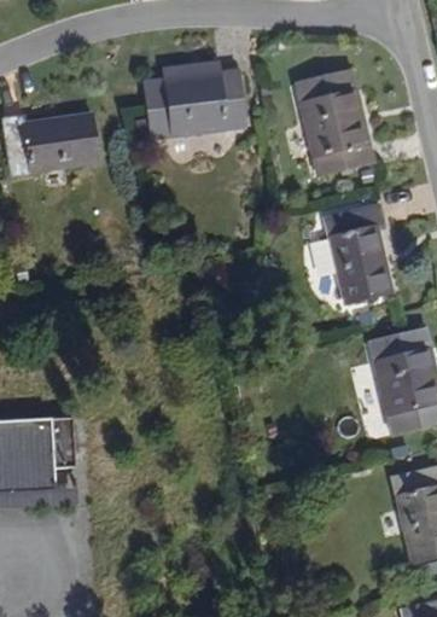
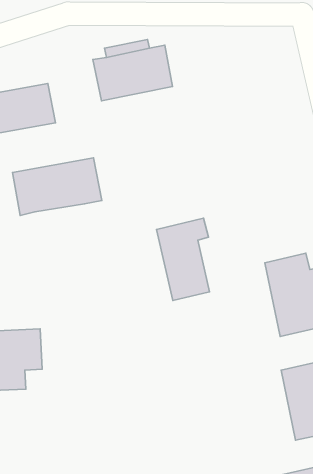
building: [297,69,374,179] -> none
building: [324,202,390,305] -> [157,218,209,300]
building: none -> [13,158,102,215]

